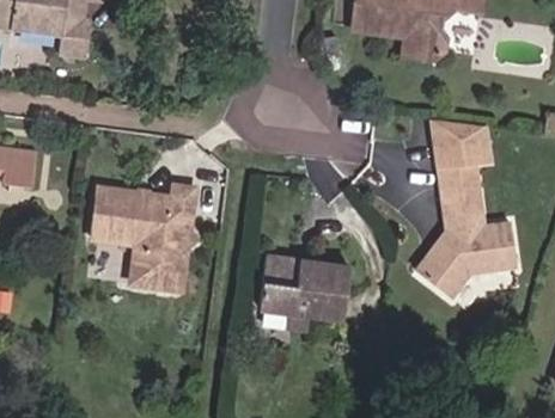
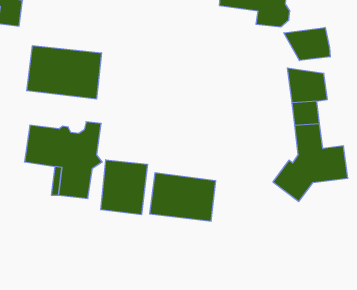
building: none -> [284,27,330,61]
building: none -> [27,46,101,99]
building: none -> [101,160,147,215]

